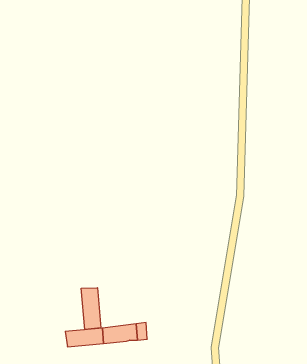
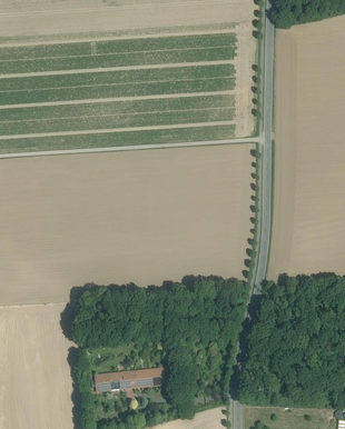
building: [81,288,101,330] -> none

